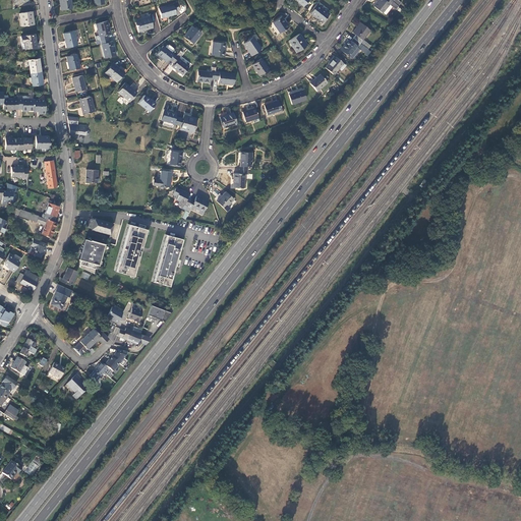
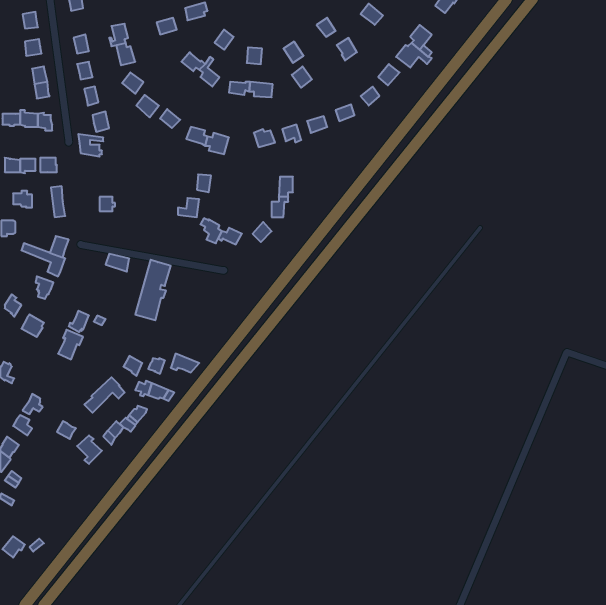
building: [154,234,182,285] -> none
building: [77,237,104,272] -> none

